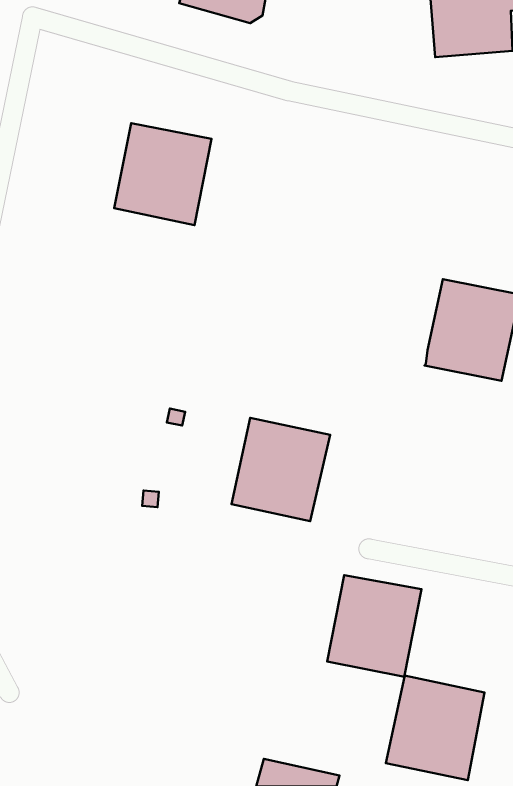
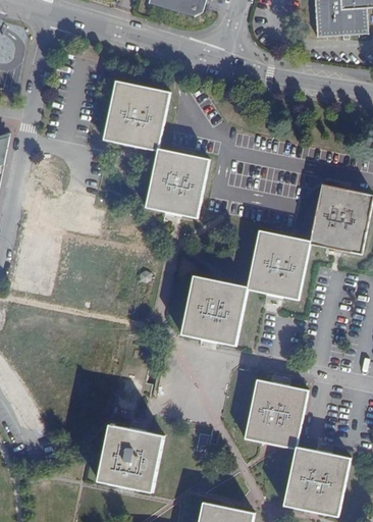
building: none -> [146,149,208,216]
building: none -> [247,229,310,298]
building: none -> [98,424,162,491]

